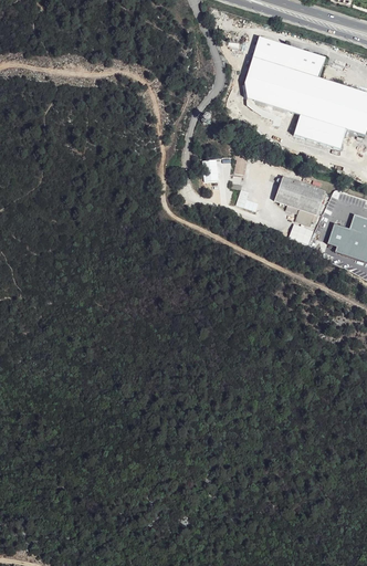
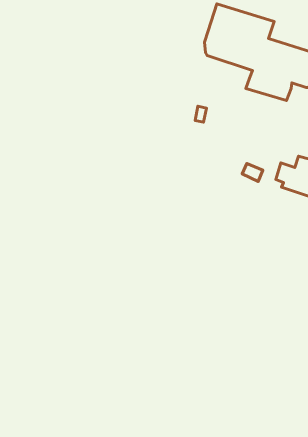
building: [274,177,325,227] -> none

